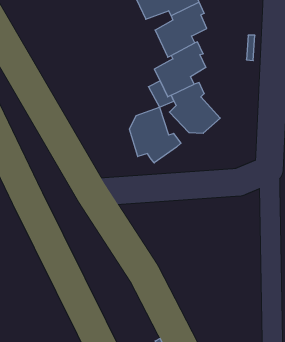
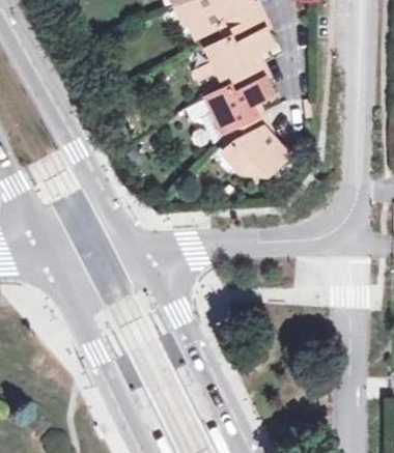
building: [129,107,181,163] -> none

